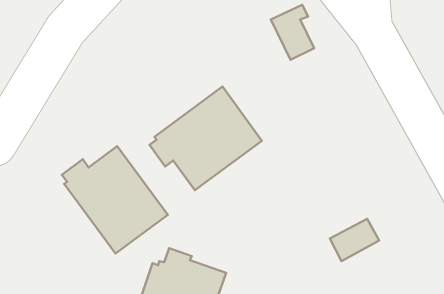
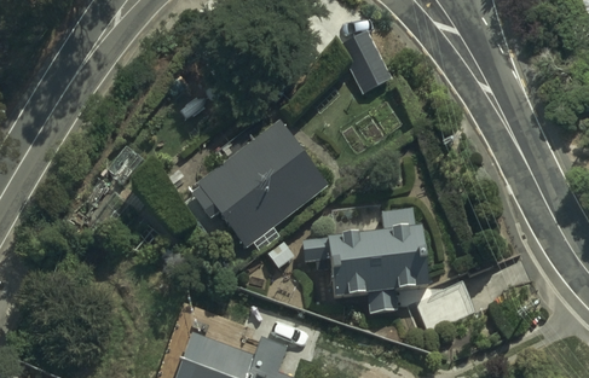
building: [62,146,168,254] -> none
building: none -> [302,204,429,312]

